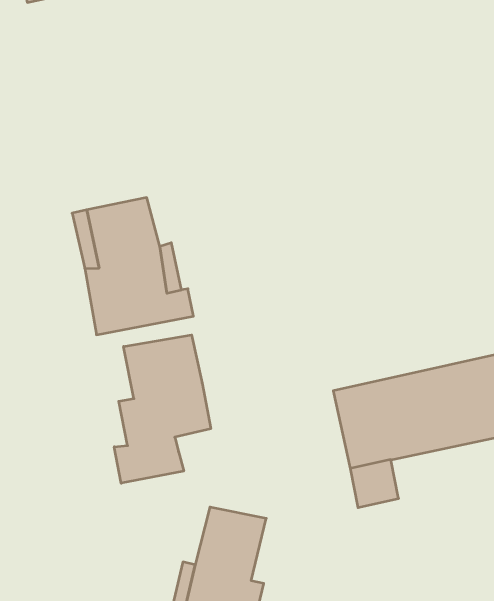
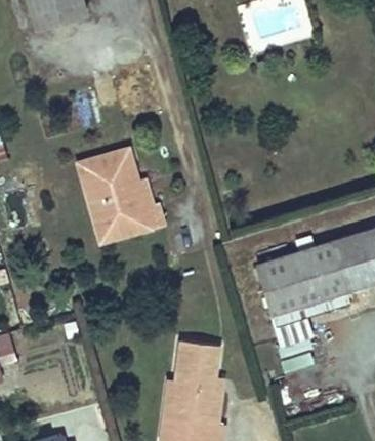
building: [114,335,211,483] -> none

